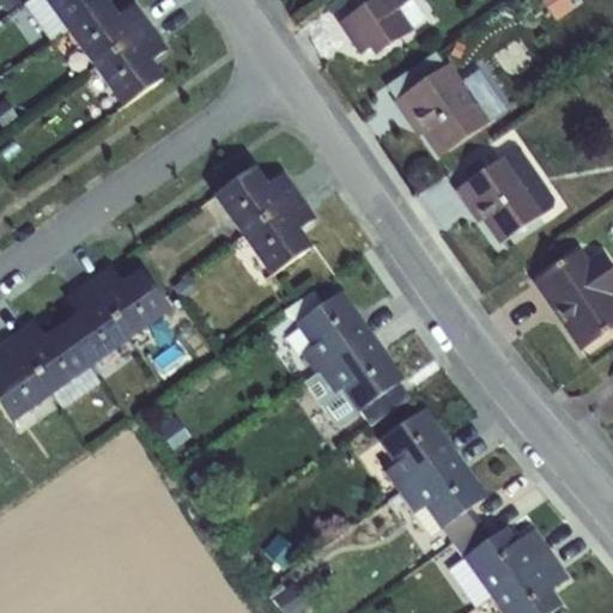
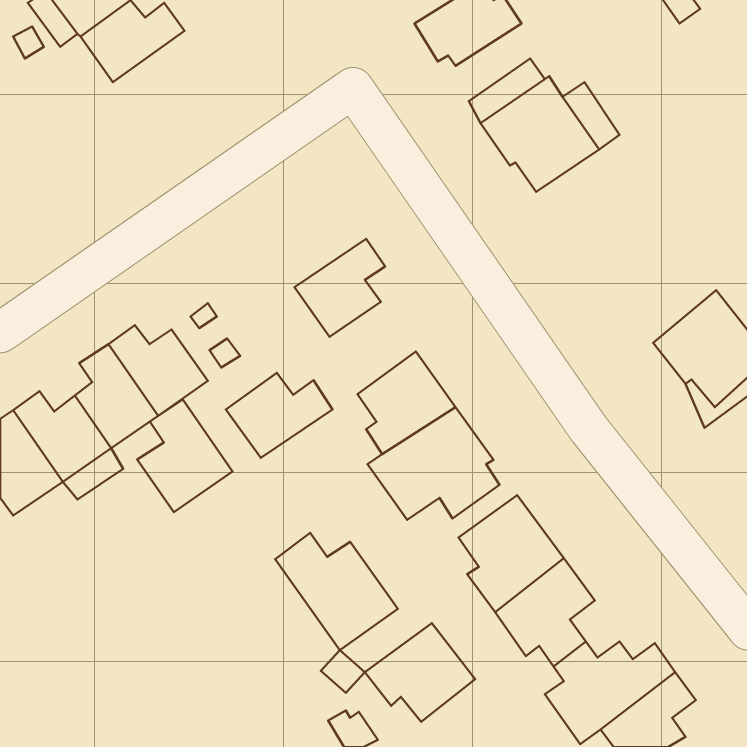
building: [93,25,169,108] -> none
building: [453,151,554,243] -> none
building: [213,165,301,235] -> [226,373,333,458]
building: none -> [137,400,233,512]
building: none -> [275,533,398,650]
building: none -> [365,623,475,722]

